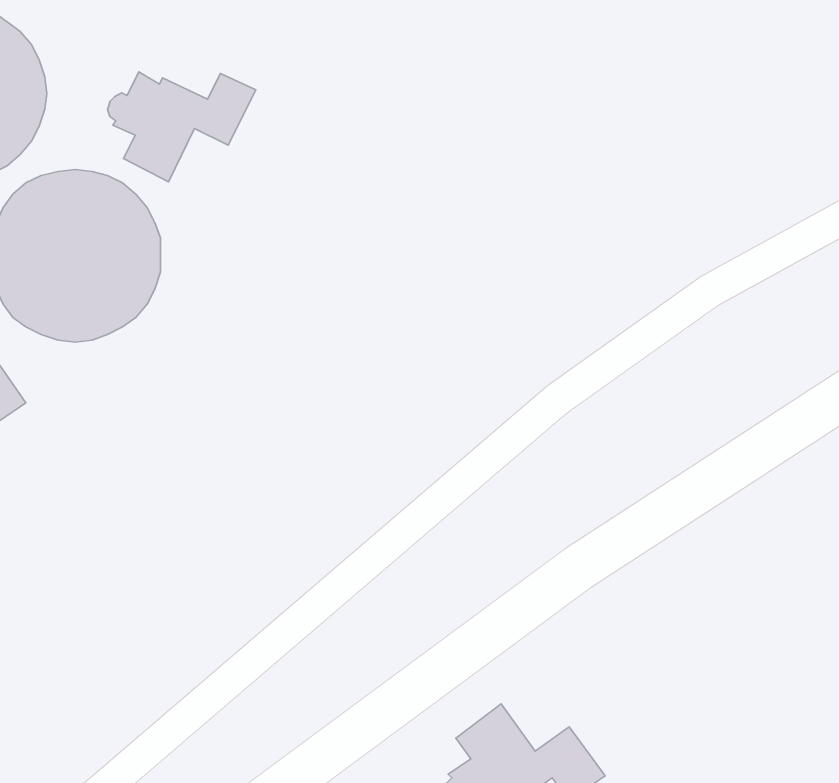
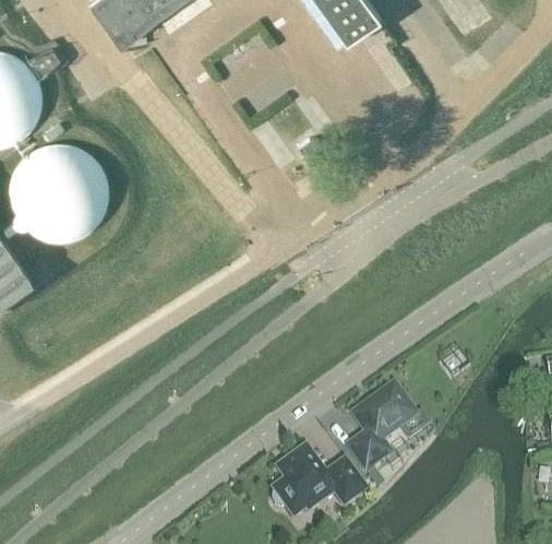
building: [107,72,256,182] -> none
building: none -> [348,388,415,472]

